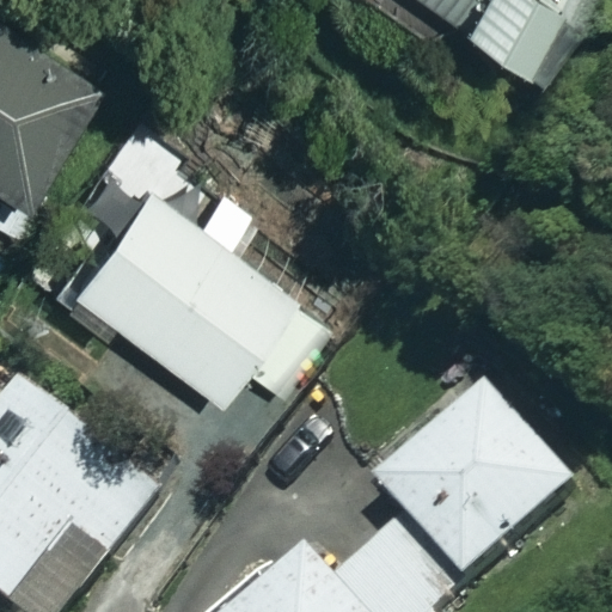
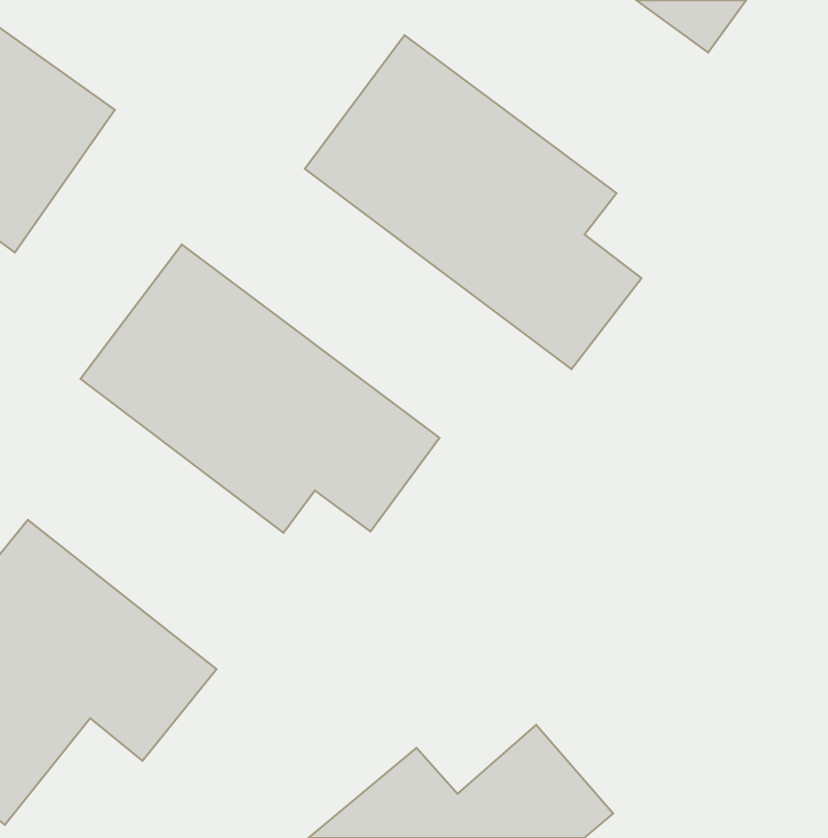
building: none -> [305,35,642,369]
building: [373,384,569,579] -> none

